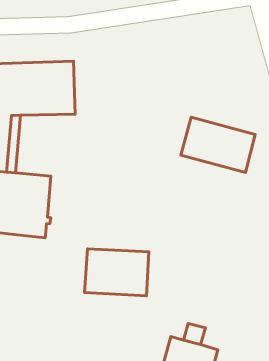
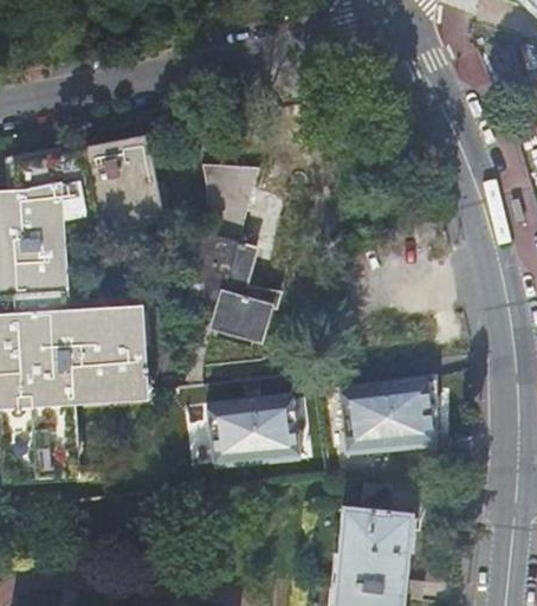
building: none -> [187,166,272,344]
building: [181,117,255,173] -> none
building: none -> [331,374,436,457]

